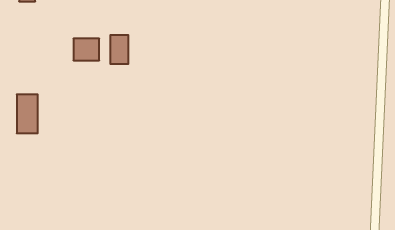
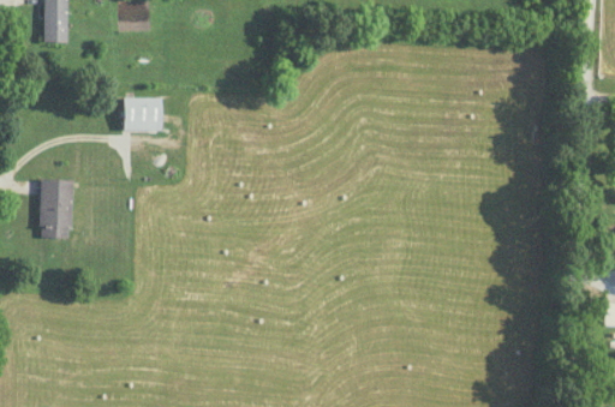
building: [110,35,128,64] -> none

